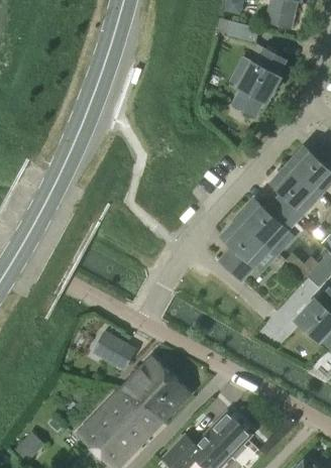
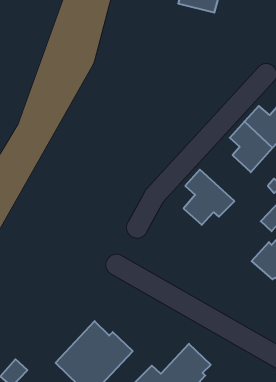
building: [234,49,285,115] -> none
building: [238,202,295,254] -> none
building: [93,333,125,362] -> none
building: [121,357,190,421] -> none

